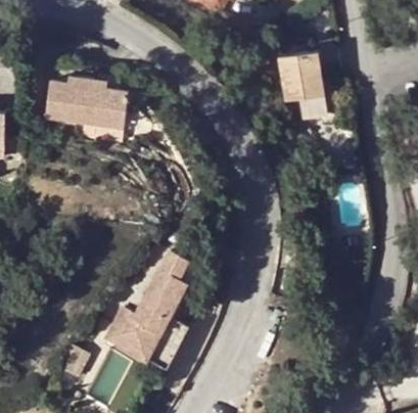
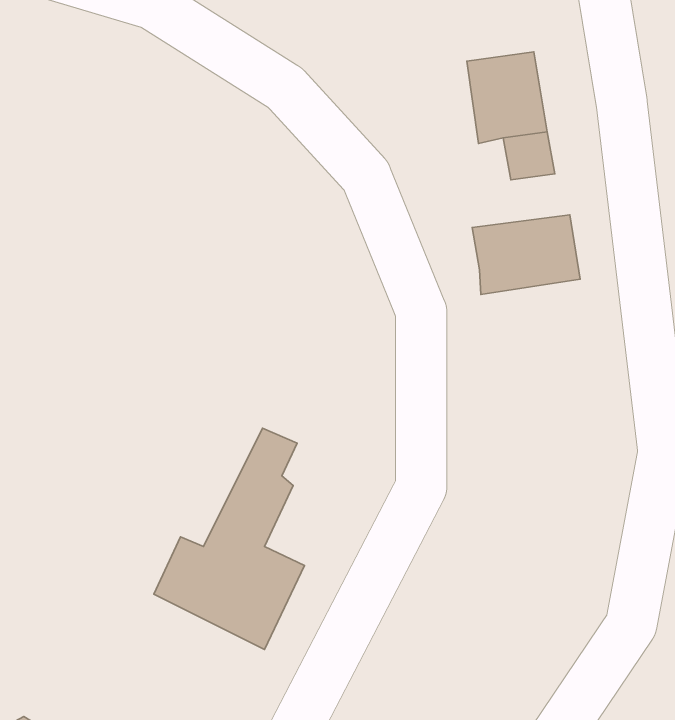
building: [42,73,125,127] -> none
building: none -> [472,215,580,294]

